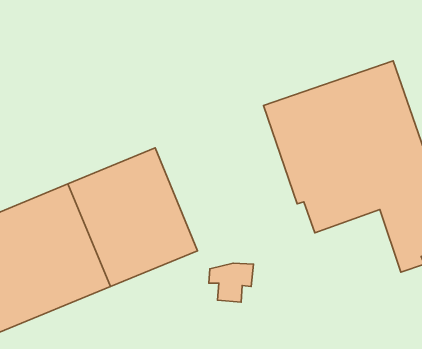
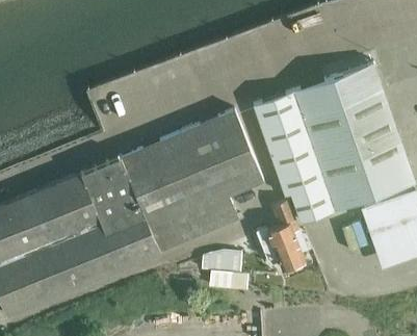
building: none -> [152,110,263,240]
building: none -> [256,201,308,270]

